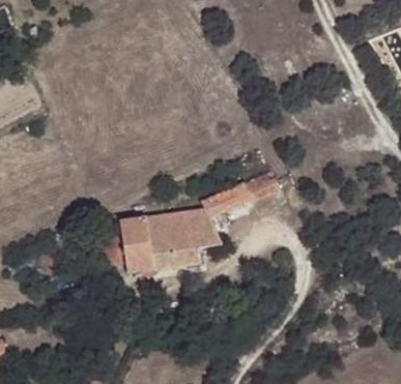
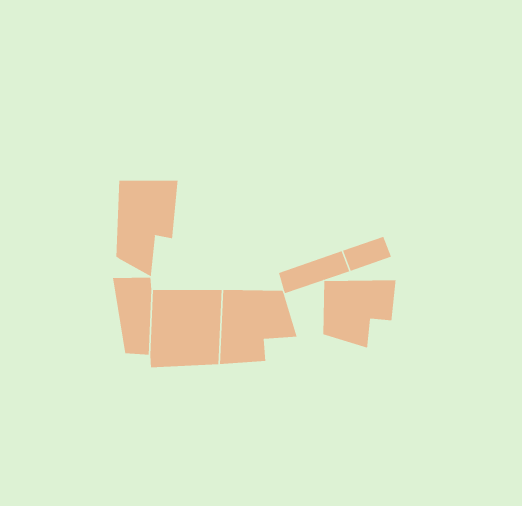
building: none -> [116,180,178,277]
building: none -> [323,279,396,349]

